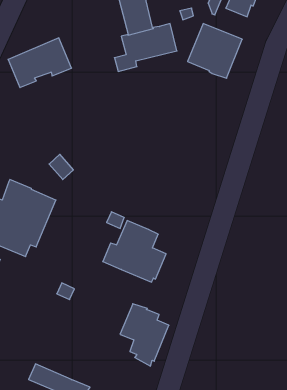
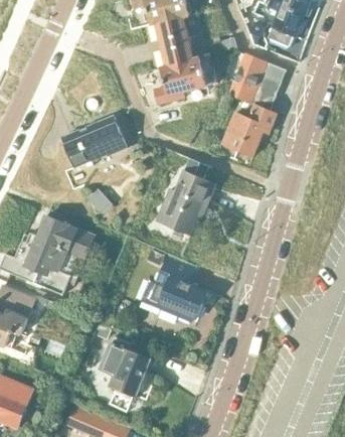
building: [8,38,72,88] -> [61,116,127,167]
building: none -> [221,106,277,157]
building: none -> [161,171,215,235]
building: [120,304,169,366] -> [100,336,150,401]

